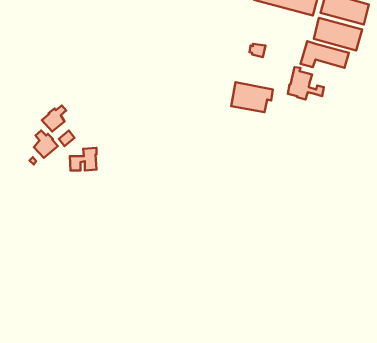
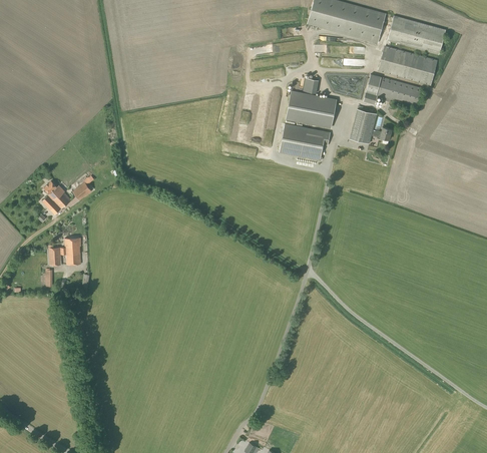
building: none -> [286,91,336,128]
building: [42,105,66,132] -> none
building: [70,148,96,170] -> [48,238,80,265]

